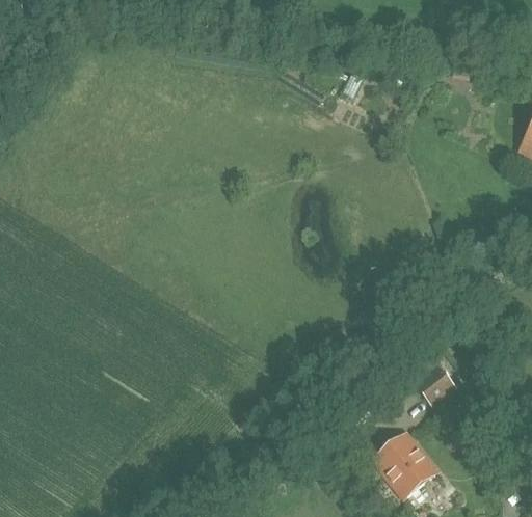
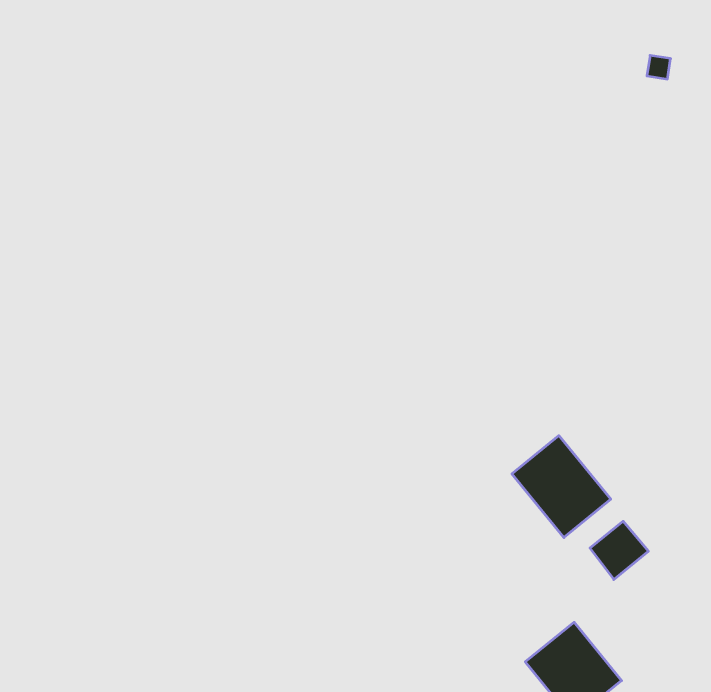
building: none -> [512,436,611,538]

